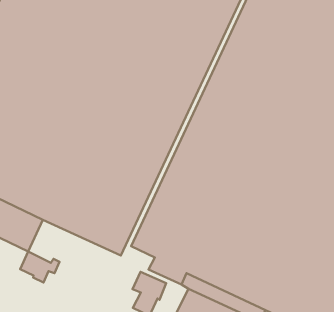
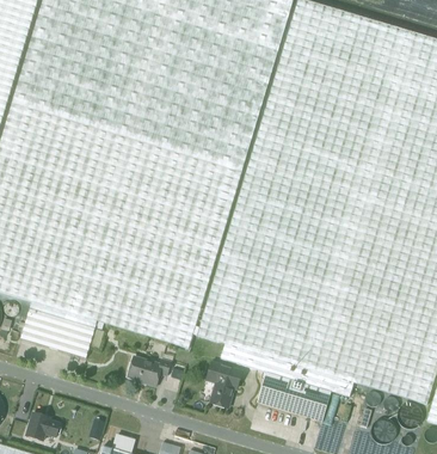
building: [20,252,60,282] -> [128,356,170,387]

